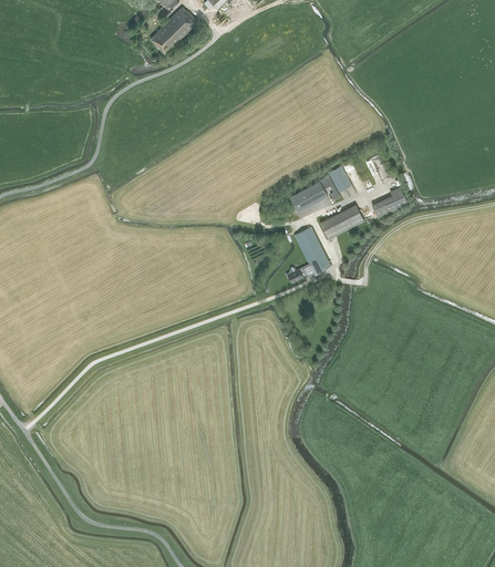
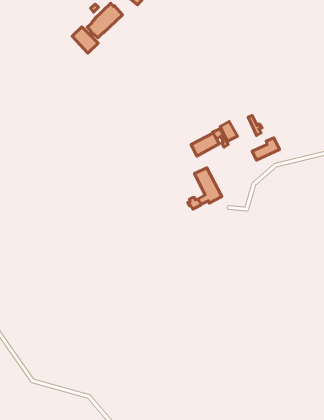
building: none -> [72,27,98,53]
building: [320,204,364,239] -> none

